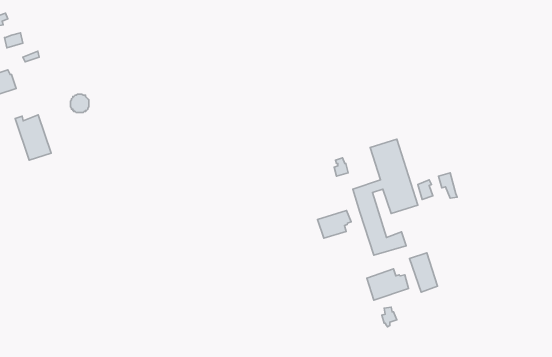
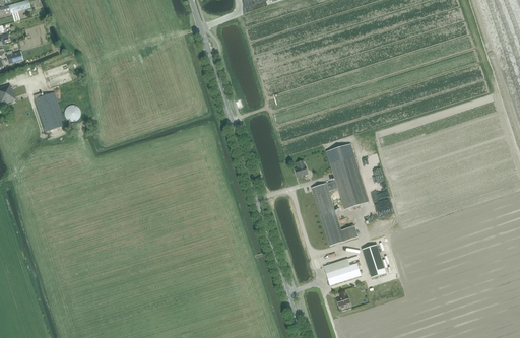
building: [15,115,51,160] -> [32,90,64,130]
building: [318,210,351,238] -> none

